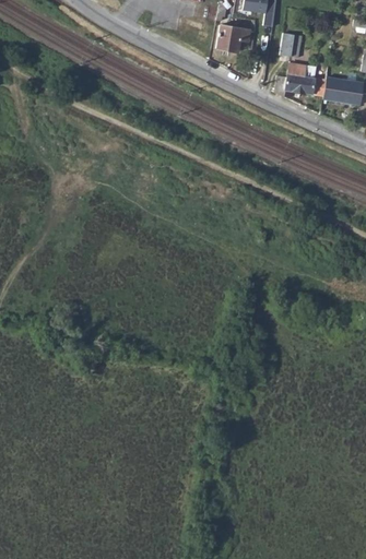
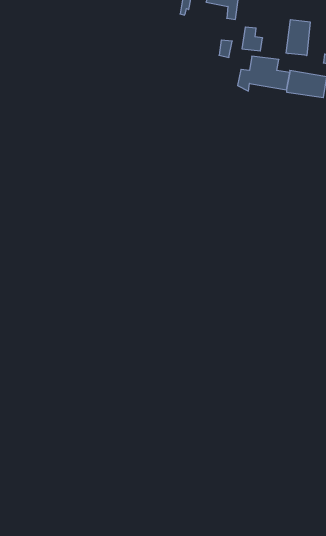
building: [217,25,252,53] -> none
building: none -> [286,20,310,56]

